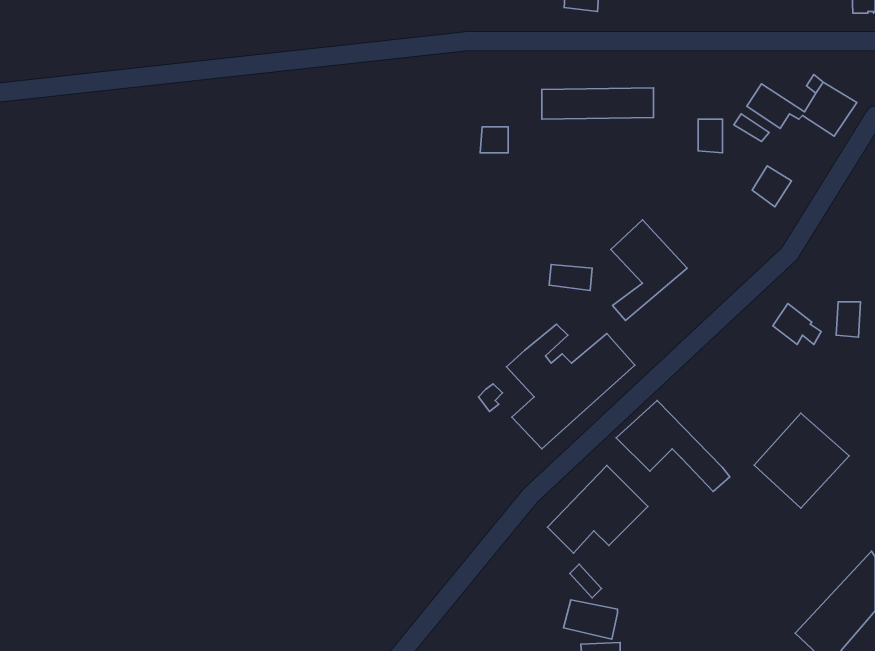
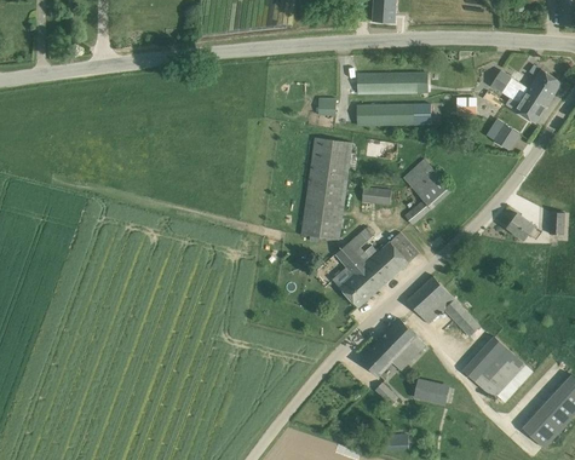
building: none -> [512,90,547,123]
building: none -> [357,98,430,126]
building: none -> [300,137,352,240]
building: [754,413,849,508] -> [462,337,524,398]
building: [563,600,618,639] -> [413,379,448,404]

